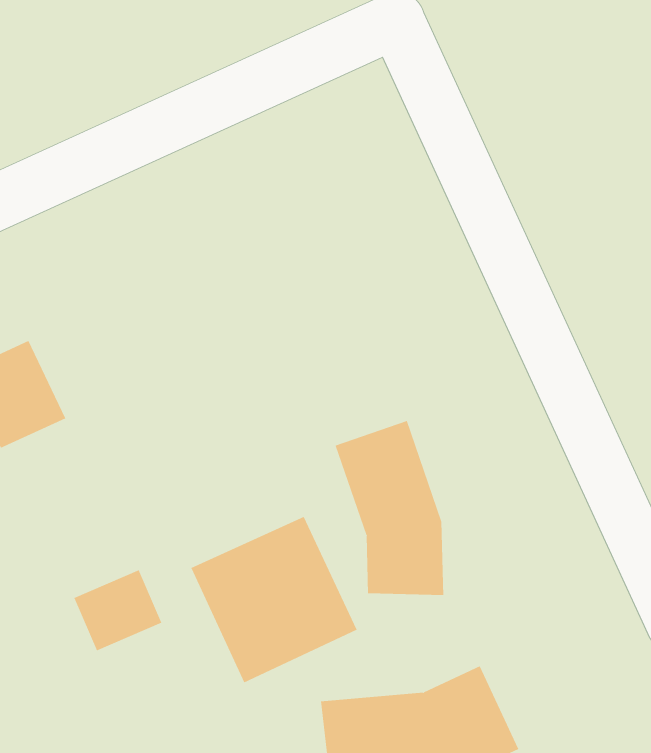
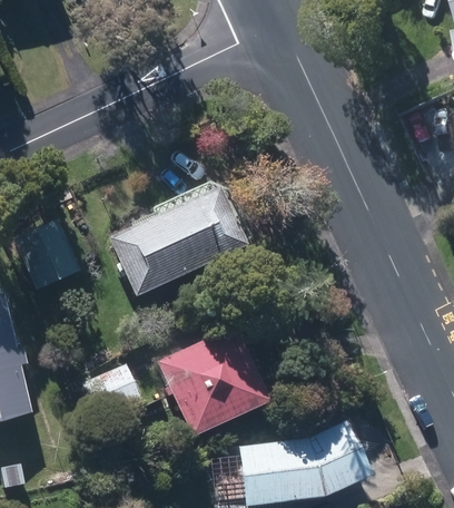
building: none -> [109,189,241,296]
building: [335,420,444,596] -> none

